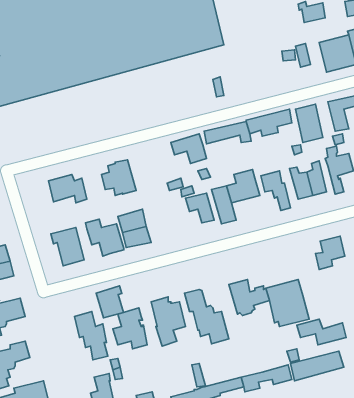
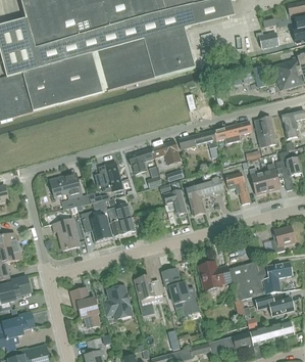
building: none -> [128,147,154,174]
building: none -> [258,261,292,292]
building: [96,286,124,318] -> none

